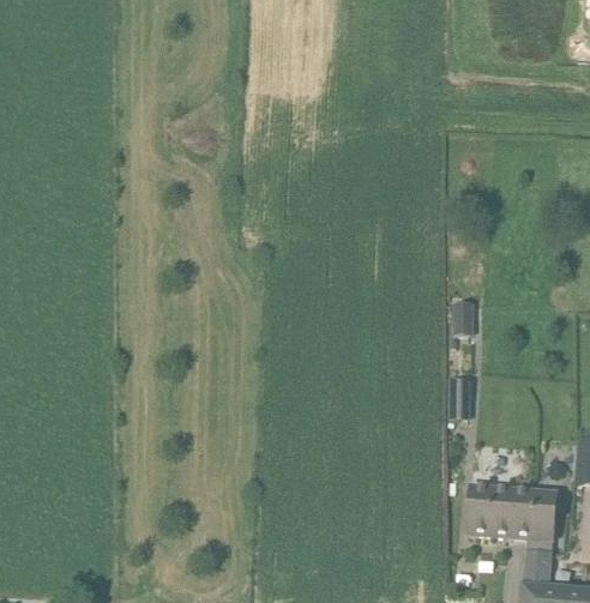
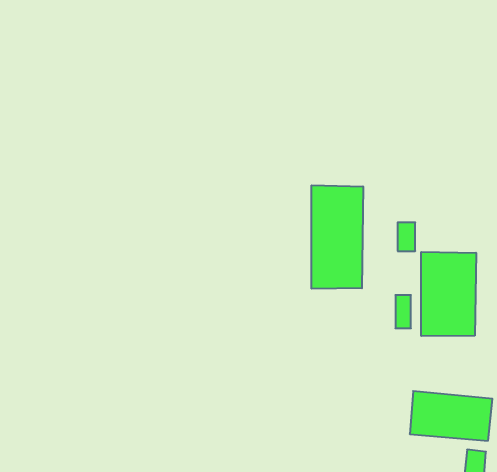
building: none -> [312,185,363,289]
building: none -> [421,252,476,336]

